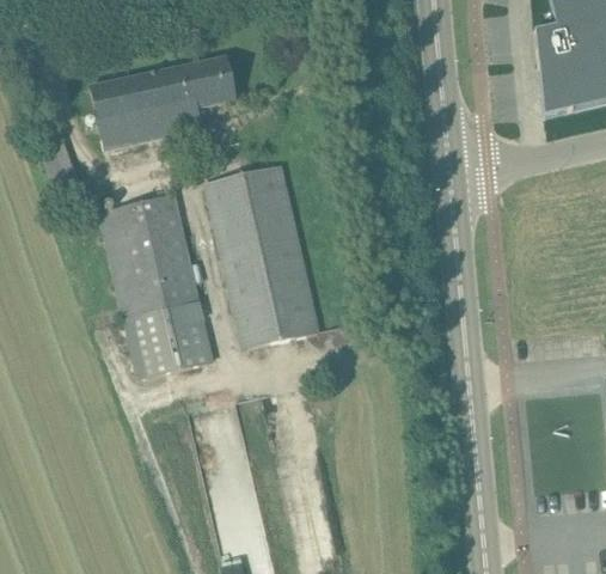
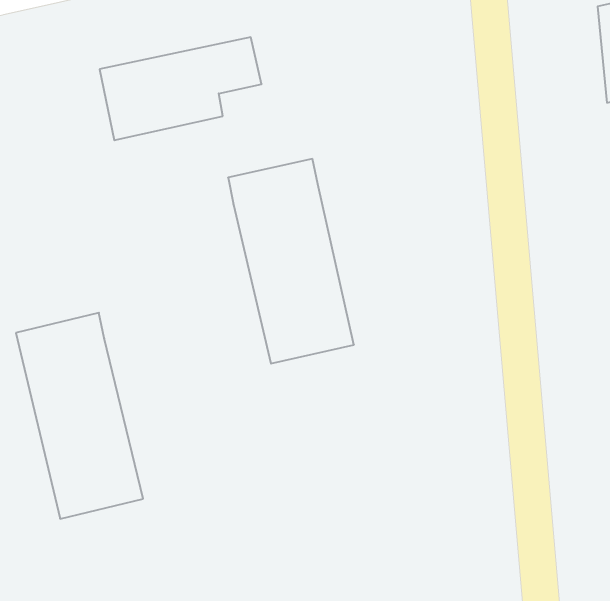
building: [100,194,214,378] -> [16,313,143,519]

